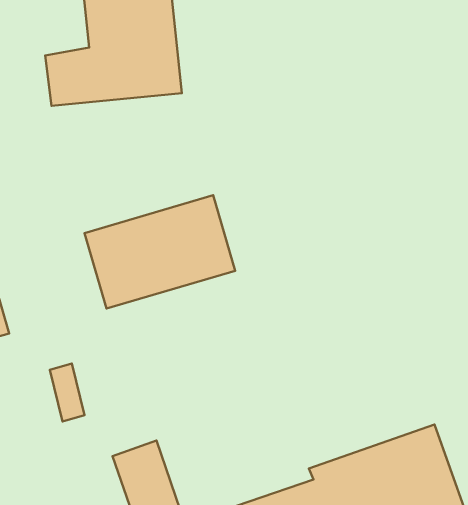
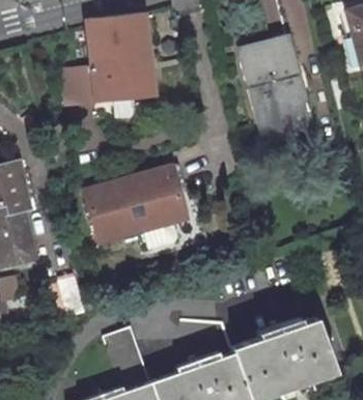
building: none -> [242,47,310,127]

